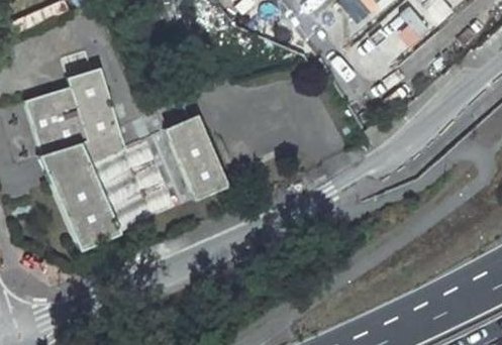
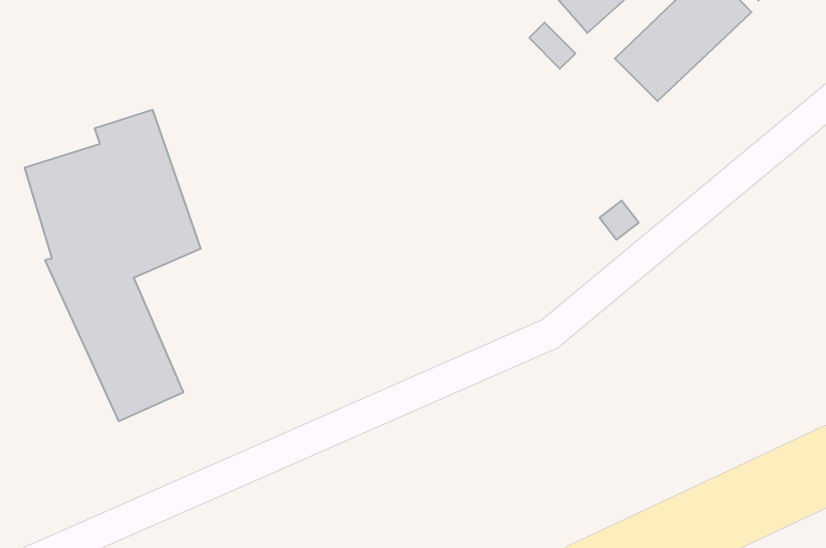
building: [164,113,228,200] -> none
building: [89,139,177,233] -> none

